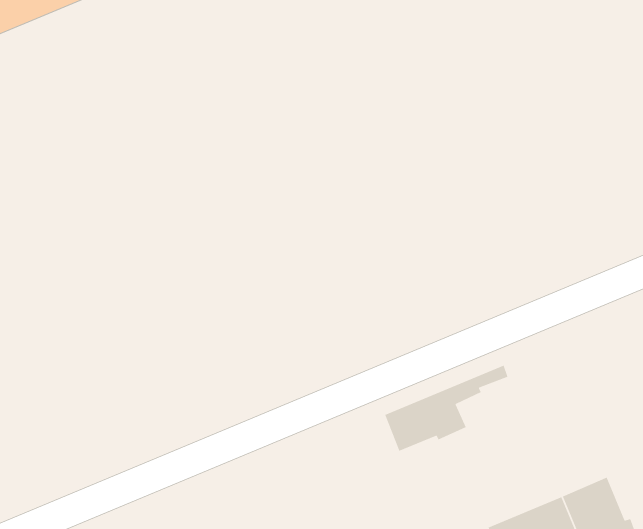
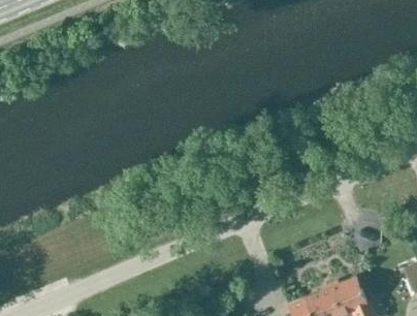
building: [384,365,508,452] -> none

